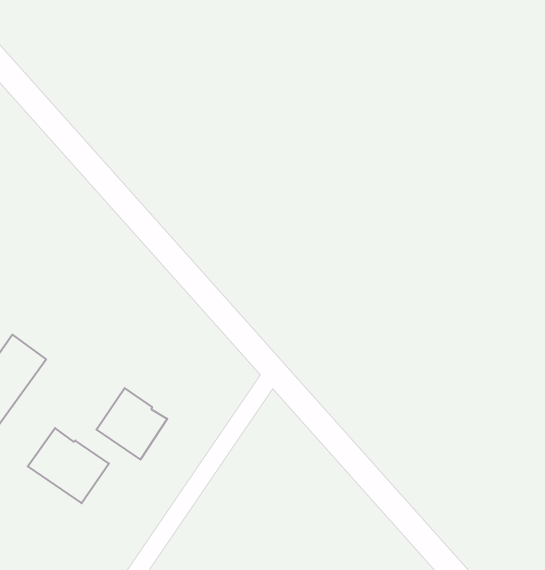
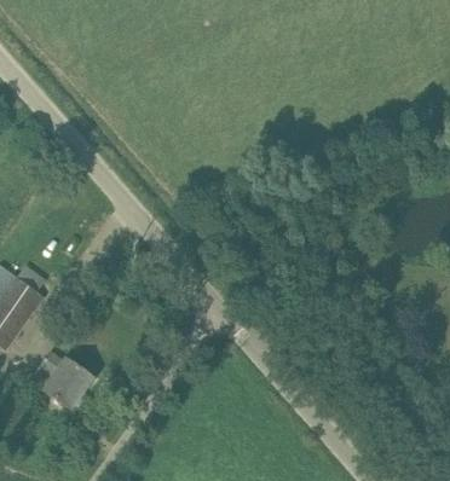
building: [96,388,167,460] -> none

